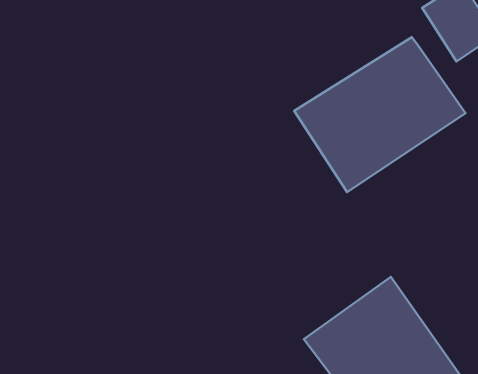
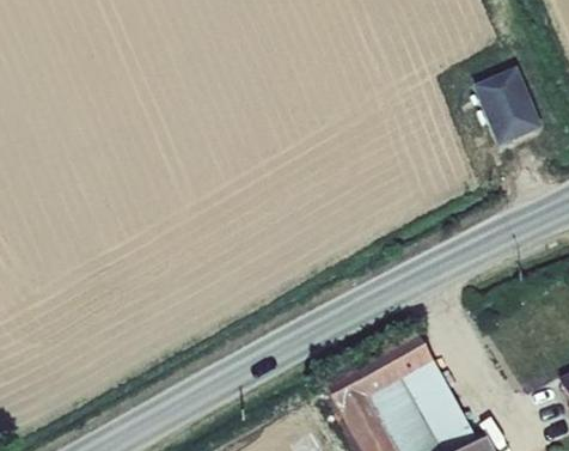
building: [294,37,466,192] -> none

